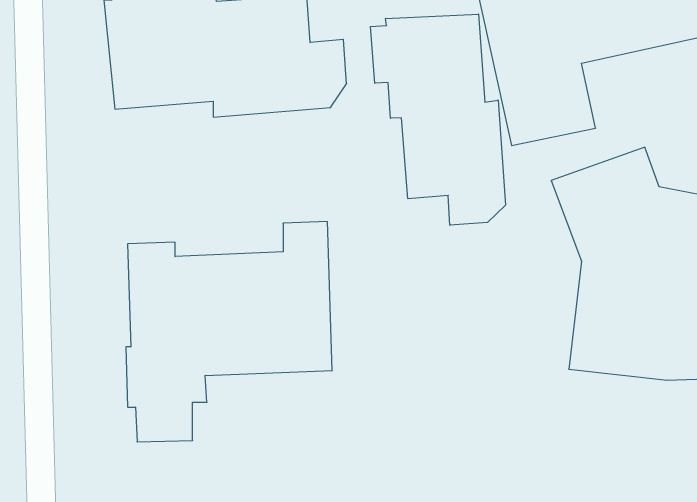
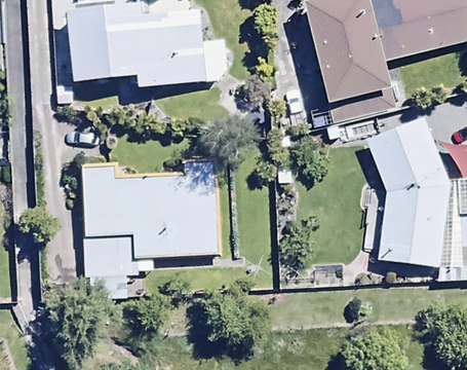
building: [370,14,505,225] -> none

